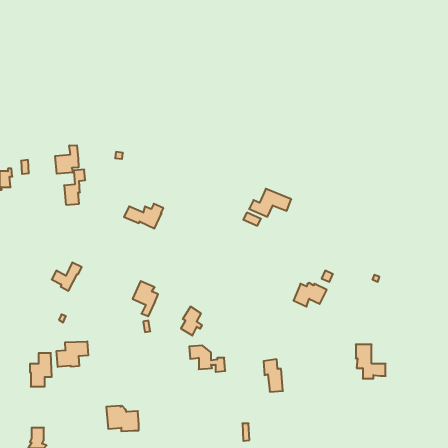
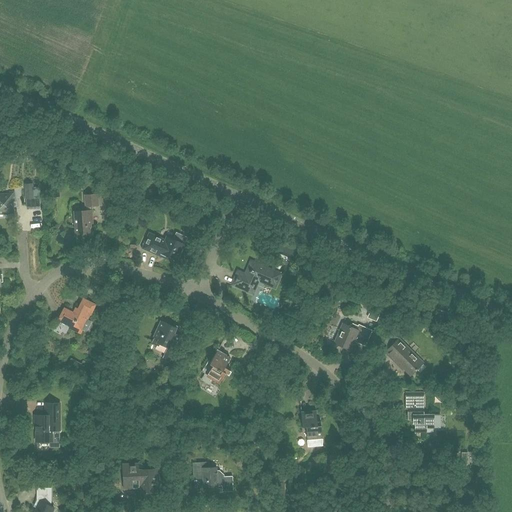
building: [55,145,79,174] -> none
building: [249,189,291,217] -> [231,261,279,293]
building: none -> [382,326,422,374]
building: [57,341,88,367] -> none
building: [189,345,225,372] -> [191,461,232,491]

